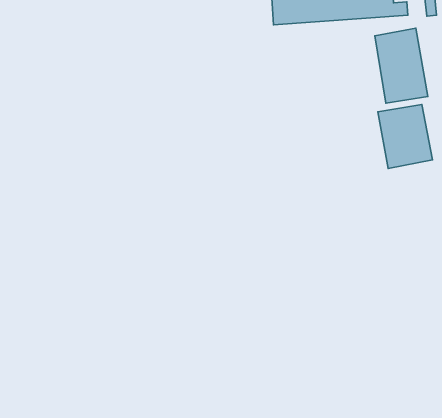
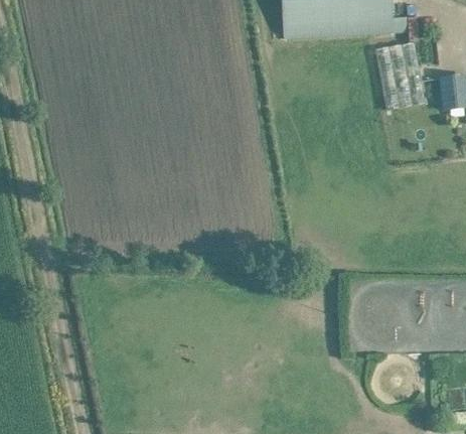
building: [378,104,433,169] -> none

